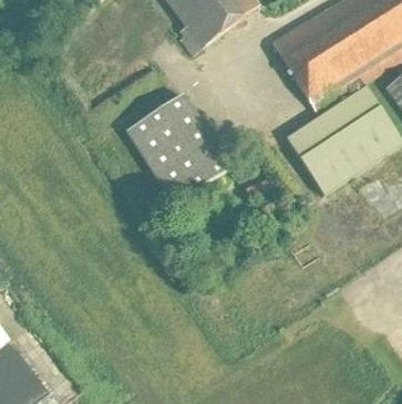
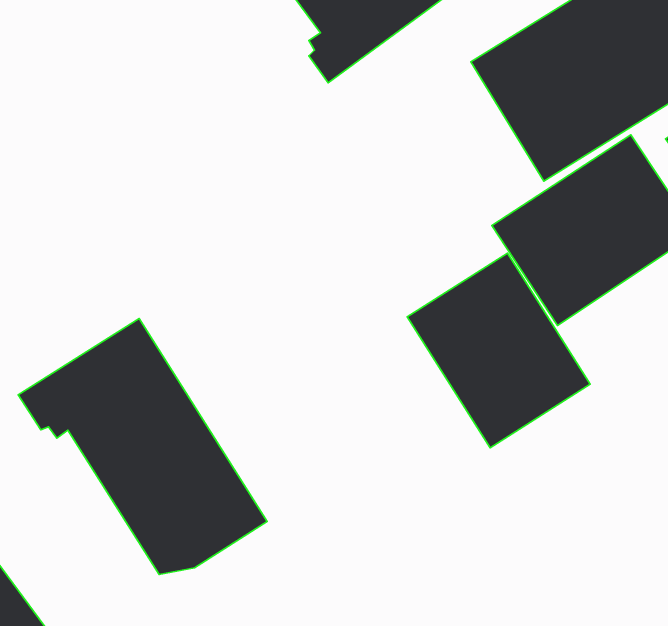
building: [127,94,233,206] -> [407,253,590,448]
building: none -> [18,319,267,574]

